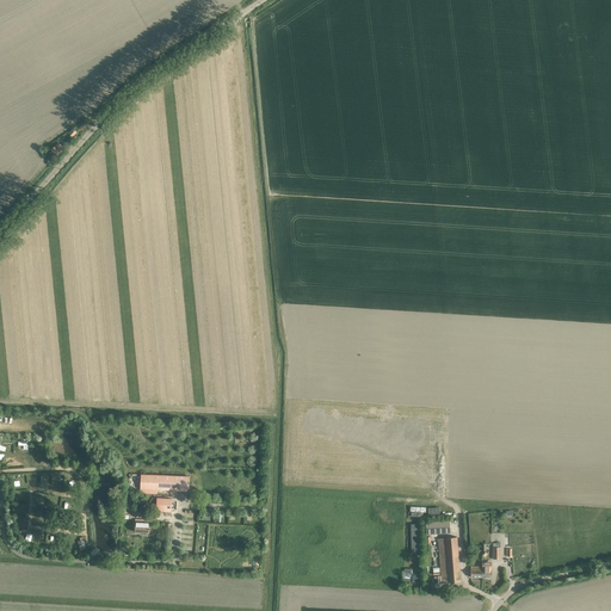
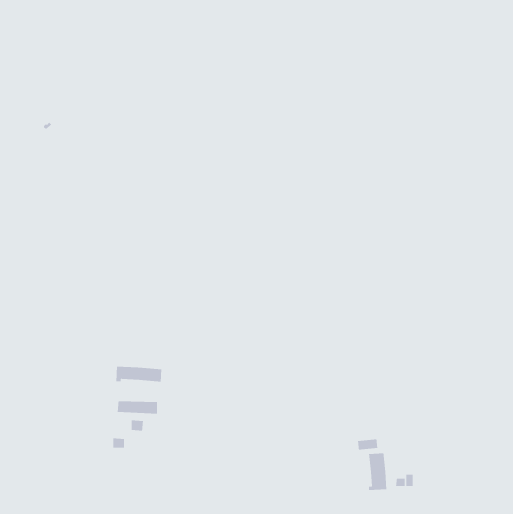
building: none -> [115,366,162,383]

